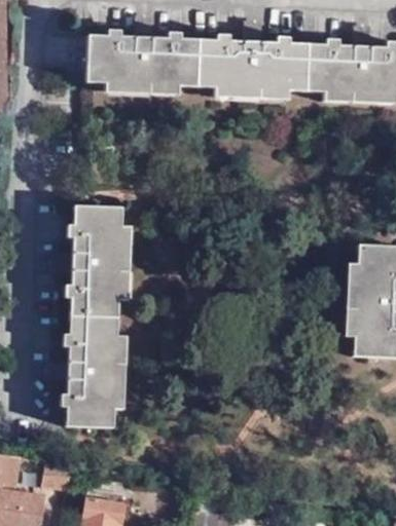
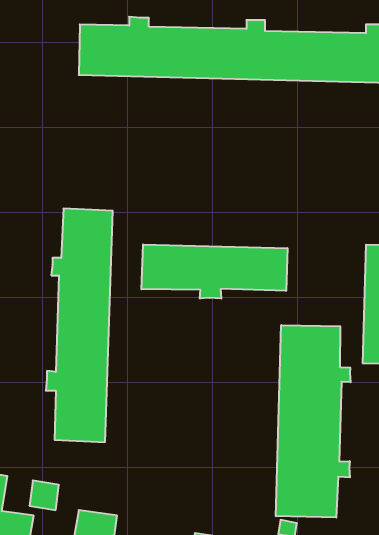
building: none -> [141,244,287,299]
building: none -> [276,325,351,518]

